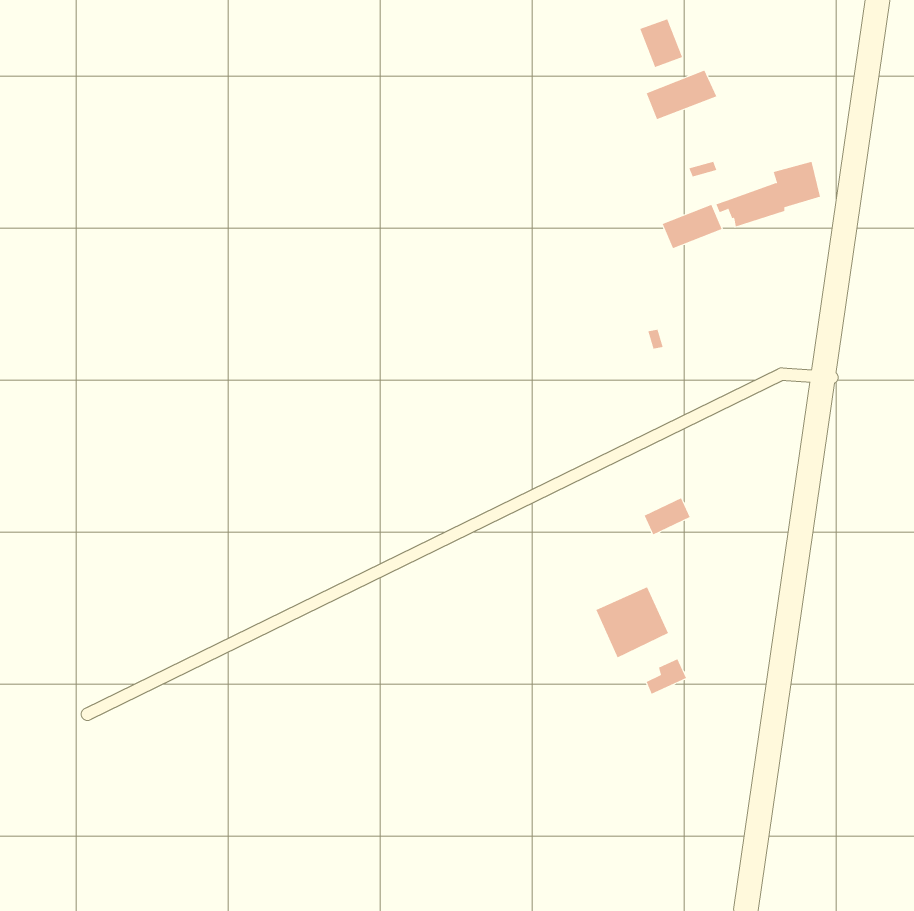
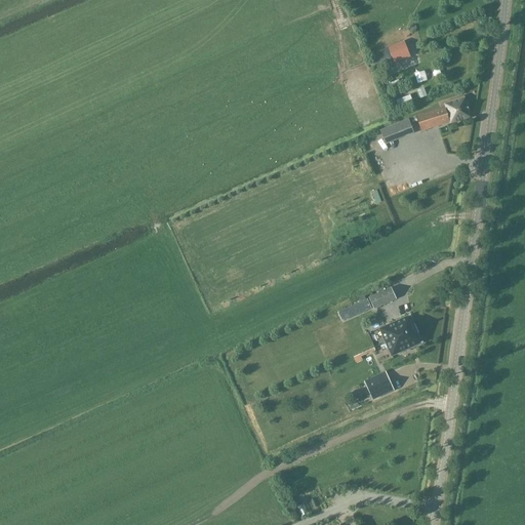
building: [640,18,683,68] -> none
building: [596,586,669,658] -> [379,314,421,355]

